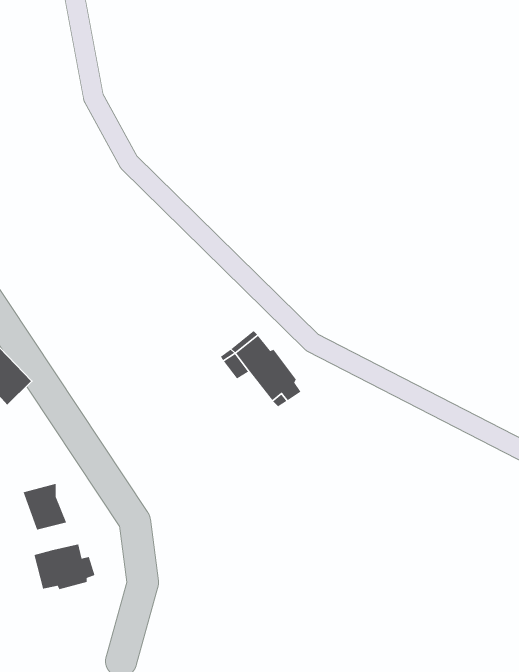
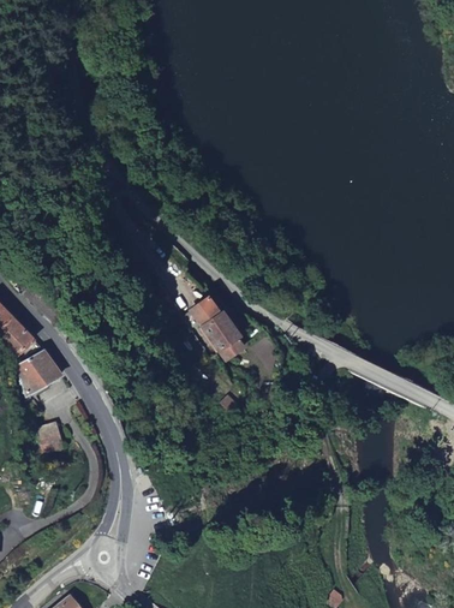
building: none -> [17,348,61,395]
building: [34,543,96,590] -> none

